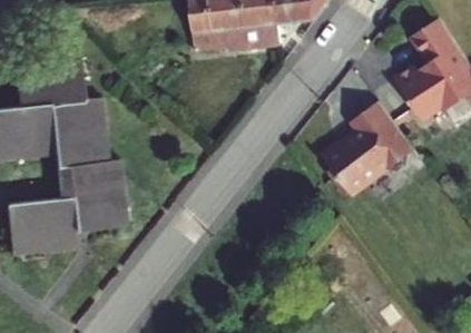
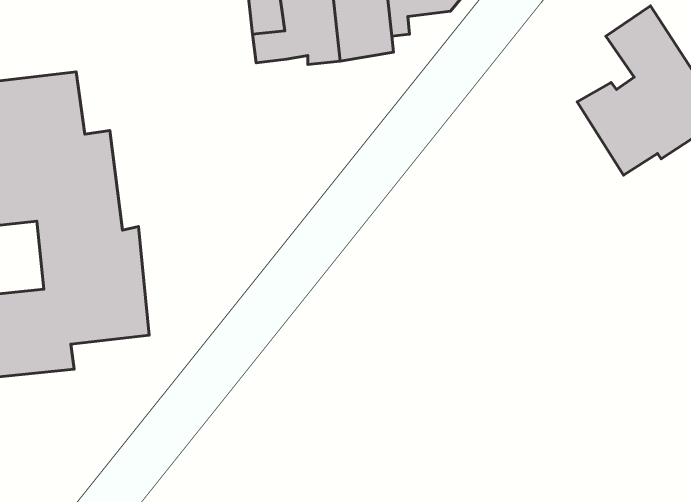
building: [317,104,412,198] -> none

